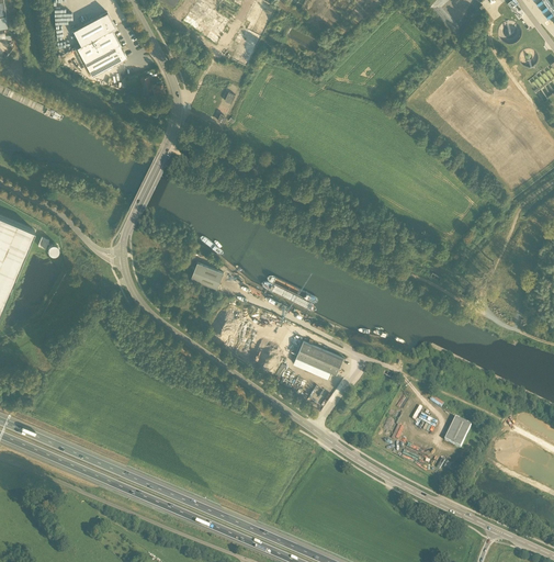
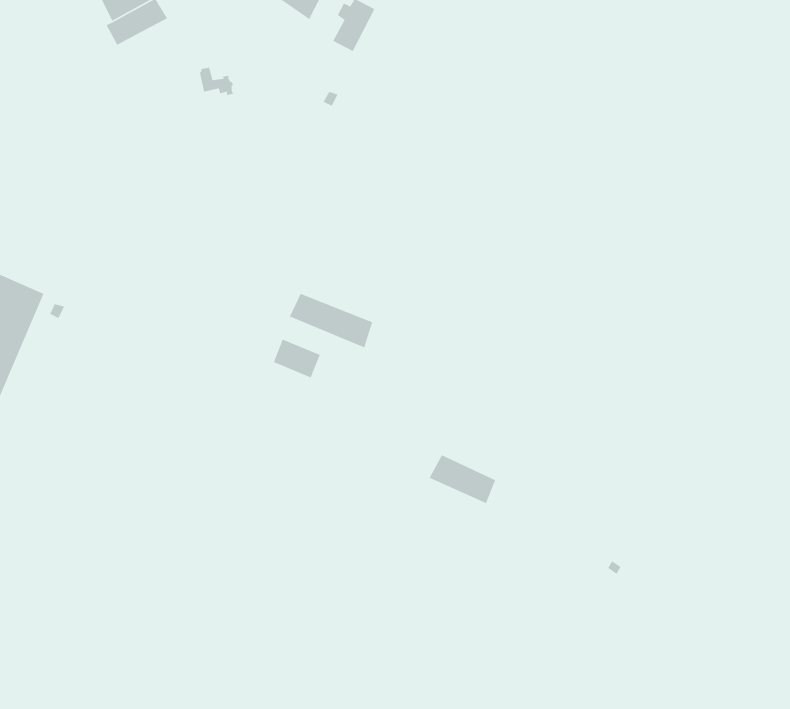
building: [82,43,124,76] -> none
building: none -> [289,293,373,349]
building: [443,417,470,448] -> none

